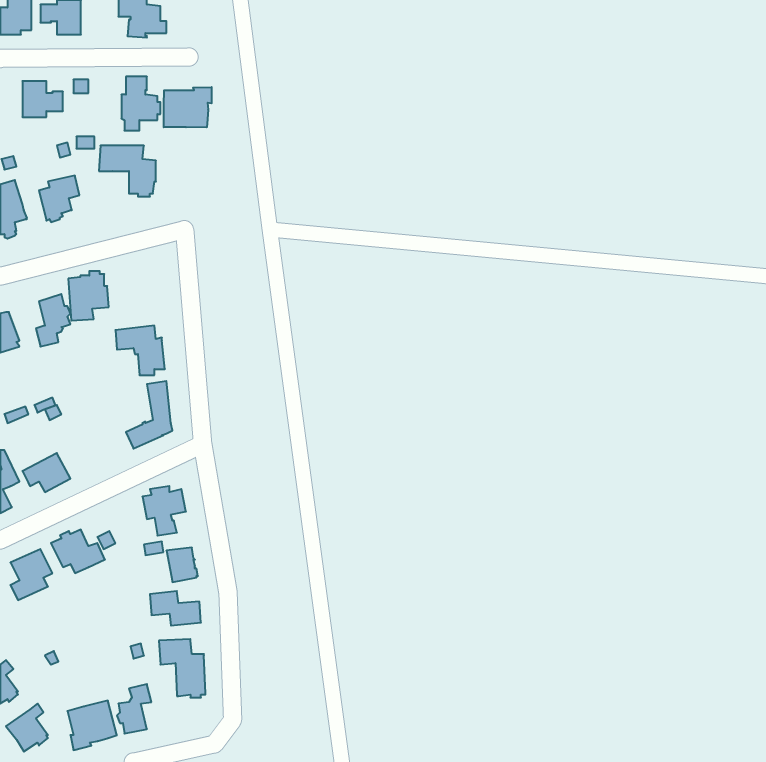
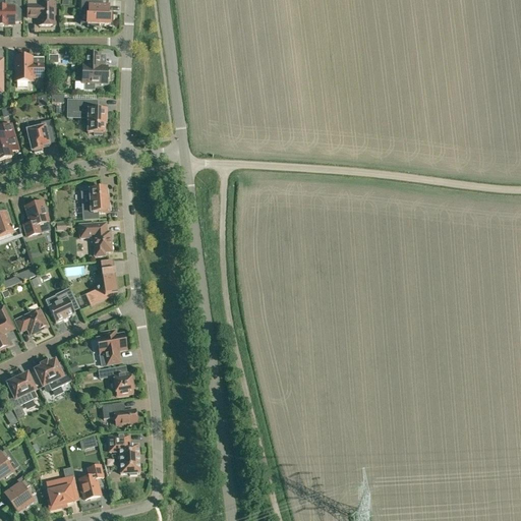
building: [164,87,212,127] -> none
building: [68,271,109,321] -> [81,185,109,219]
building: none -> [48,286,75,321]

